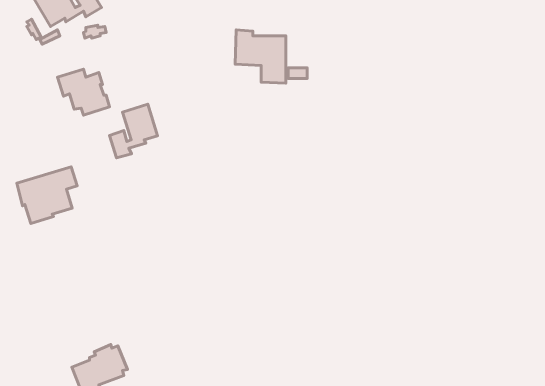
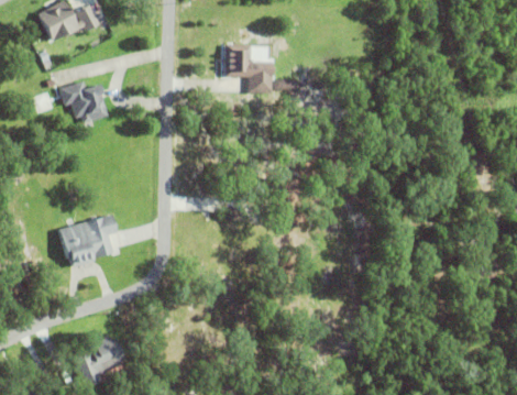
building: [110,104,158,158] -> none
building: [17,167,77,224] -> [59,213,116,266]

